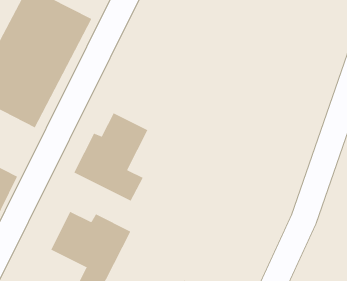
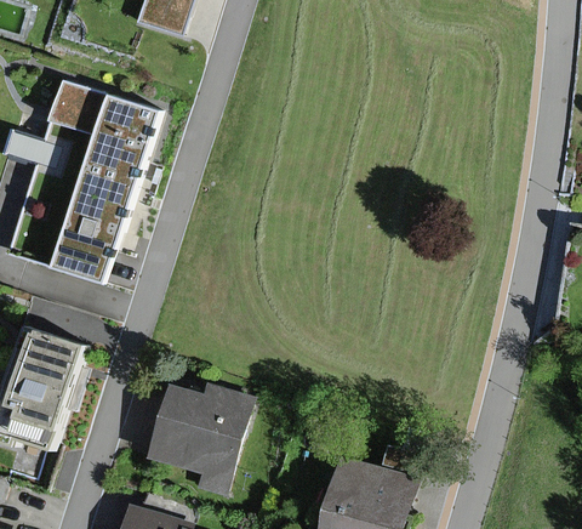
building: [74,112,148,202] -> none

